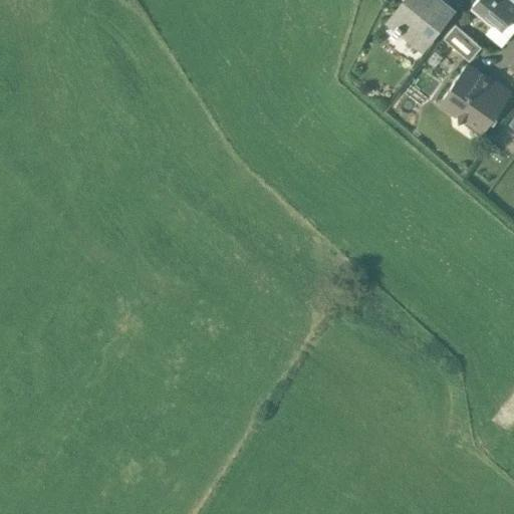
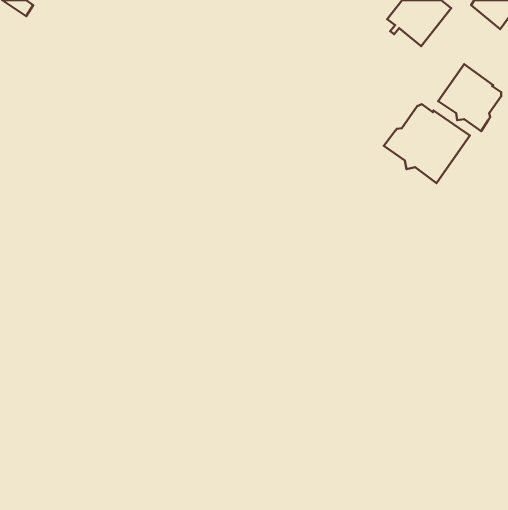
building: [447,26,484,61] -> none
building: none -> [384,104,470,183]

